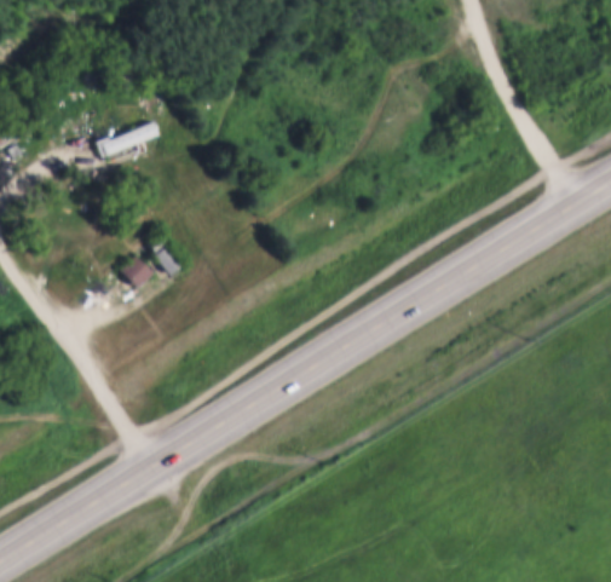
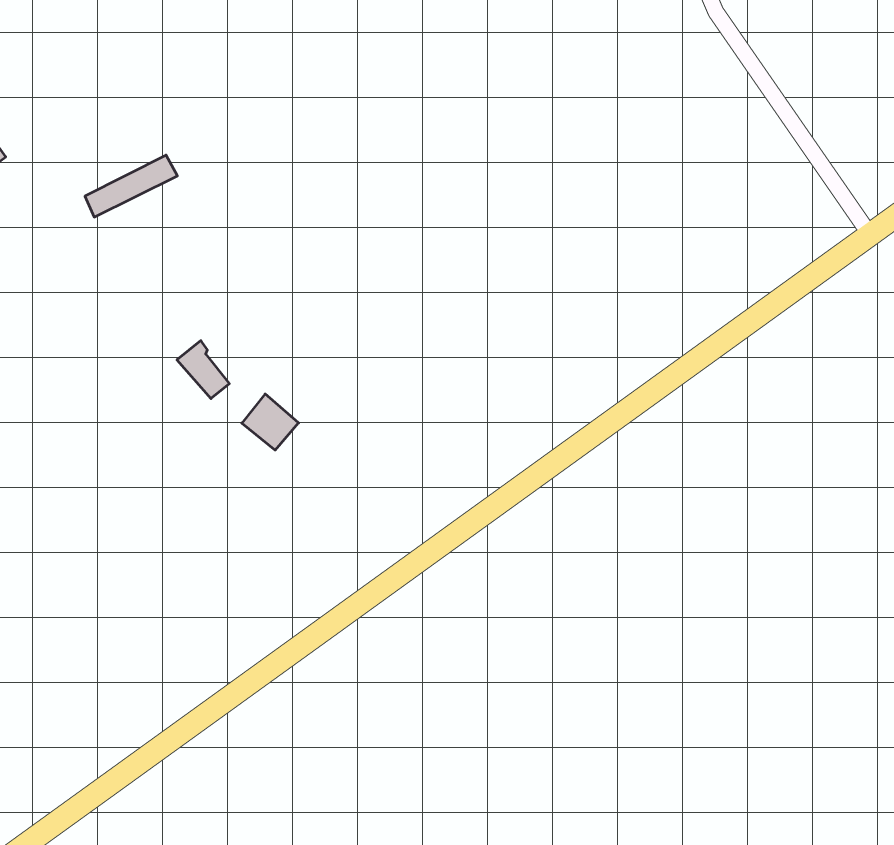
building: [119,255,154,290] -> [242,394,299,450]

